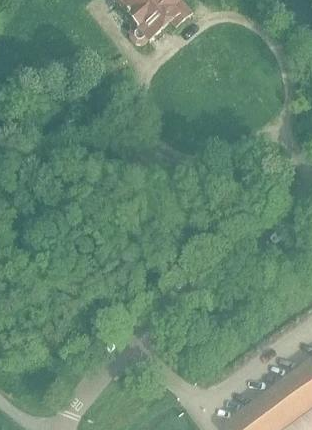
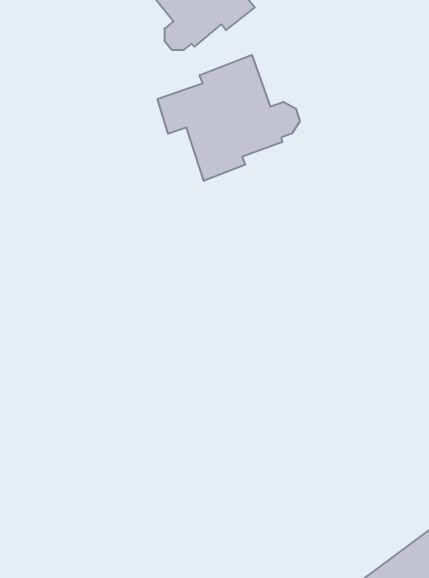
building: none -> [157,55,300,181]

